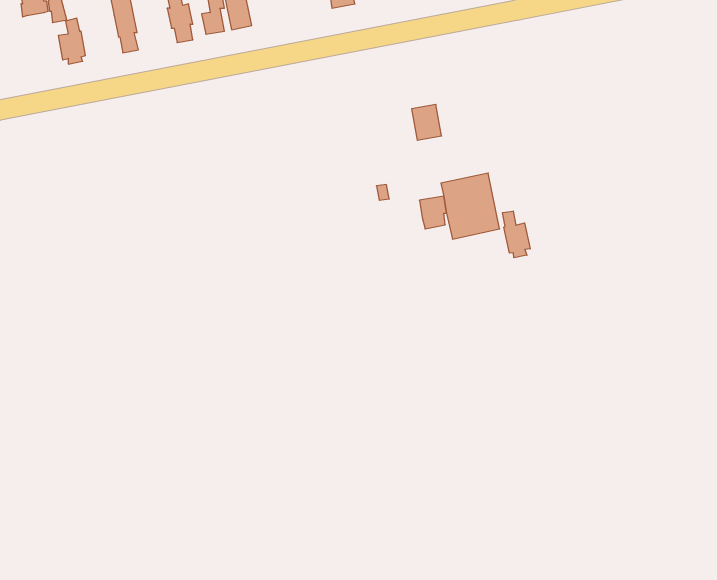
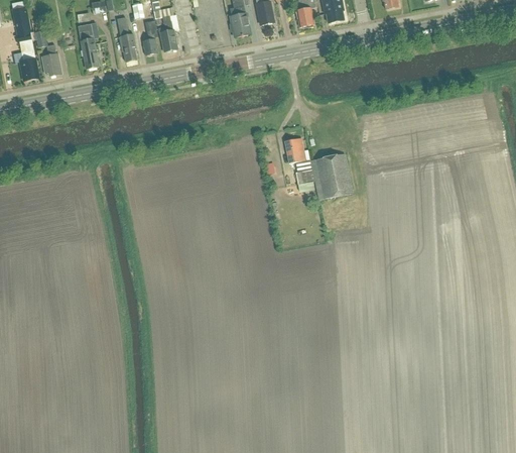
building: none -> [19,49,38,80]
building: [412,104,442,140] -> [284,137,305,162]
building: [503,211,530,258] -> none

